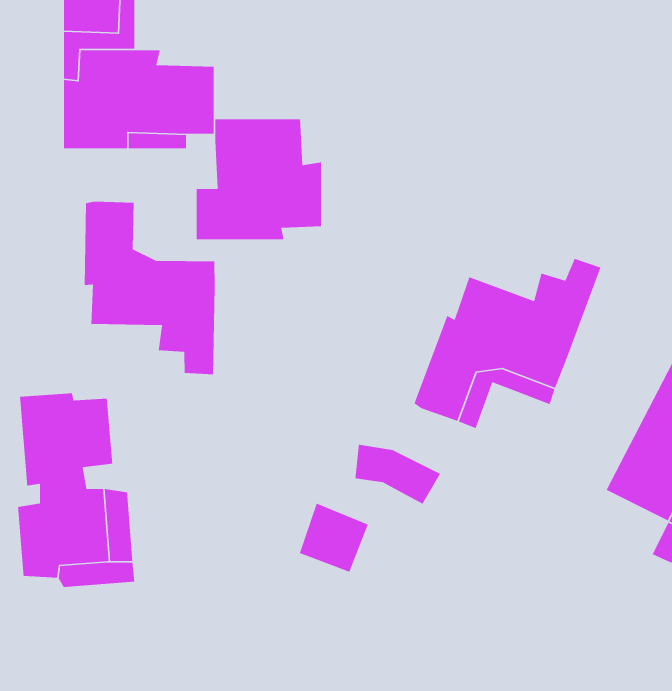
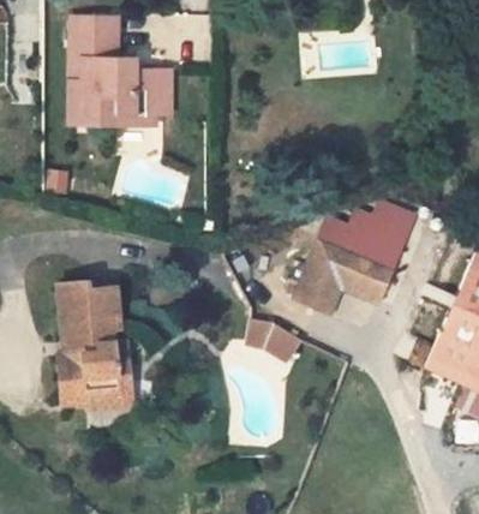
building: [196,118,322,240] -> none
building: [84,201,216,375] -> none
building: [299,502,369,573] -> none

